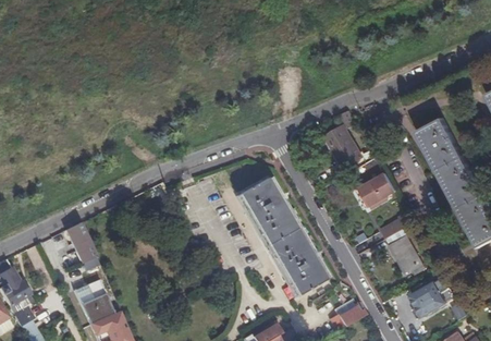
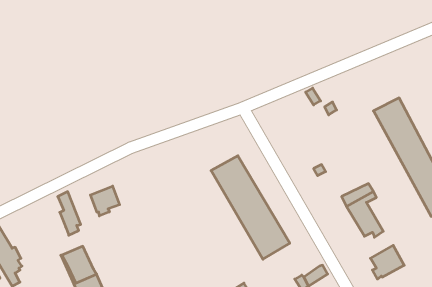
building: [328,124,366,168] -> none
building: [363,174,397,205] -> none
building: none -> [90,186,120,216]

